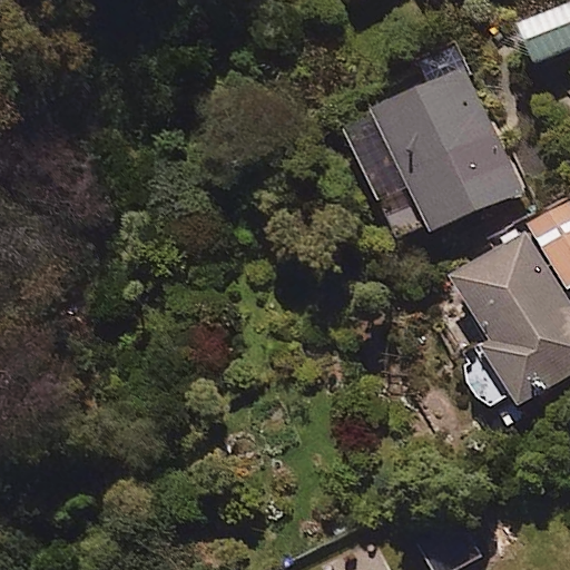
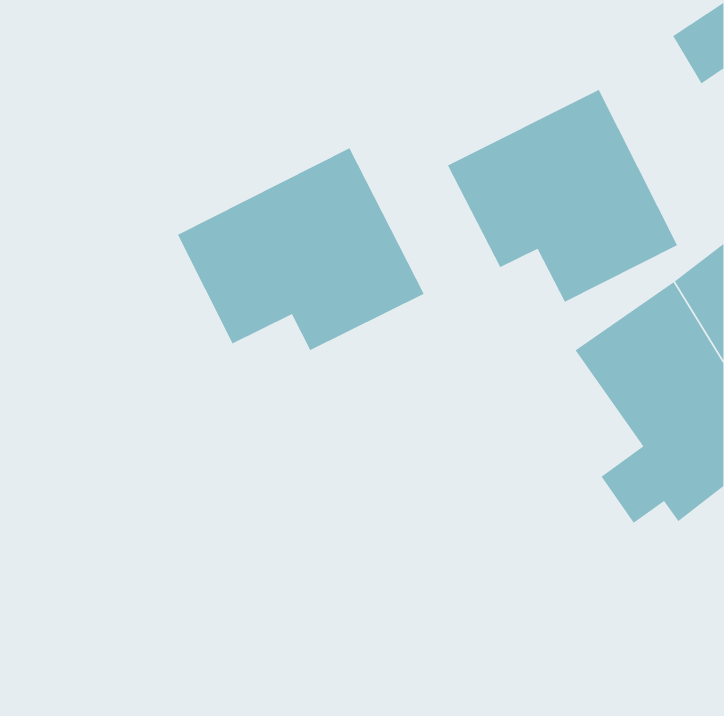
building: none -> [177,147,425,351]

